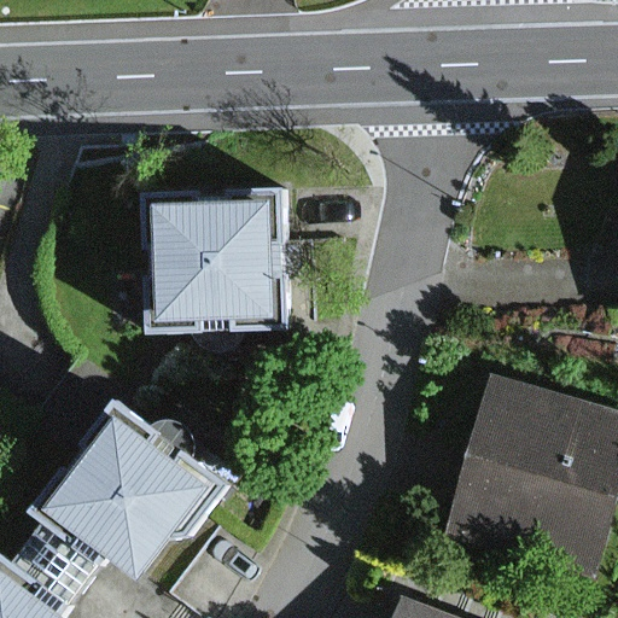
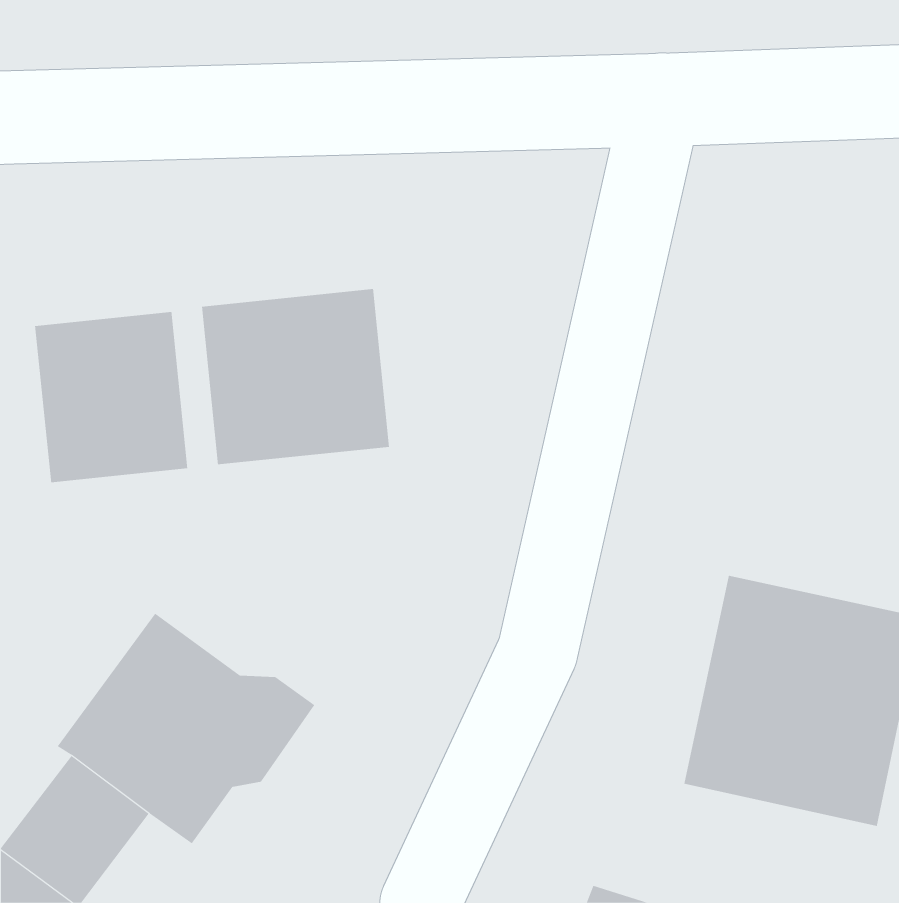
building: none -> [35,311,188,483]

